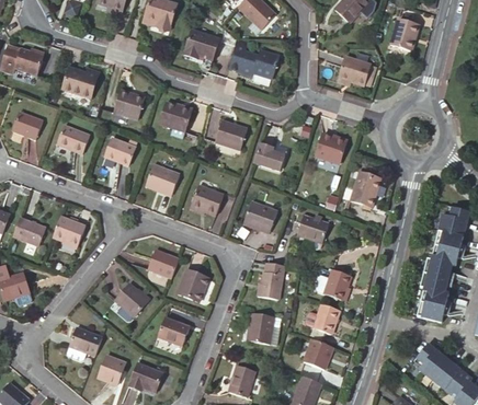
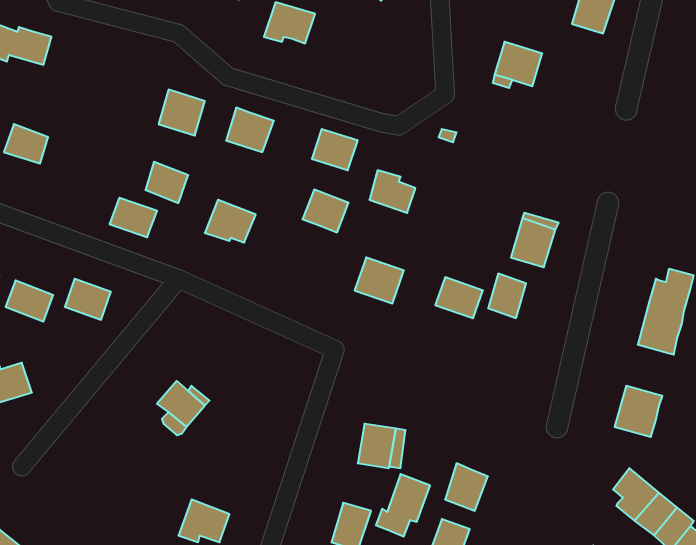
building: [240,53,280,79] -> none
building: [64,67,101,99] -> none
building: [57,126,89,152] -> [109,198,157,237]
building: [317,134,348,162] -> none
building: [192,186,223,215] -> [302,190,349,232]
building: [148,248,179,276] -> none
building: [422,258,454,292] -> none
building: [259,263,286,298] -> none
building: [179,268,208,300] -> none
building: [327,269,352,299] -> [488,274,526,318]
building: [305,301,341,343] -> [376,474,430,537]
building: [159,316,190,345] -> none
building: [67,326,102,359] -> none
building: [99,356,125,384] -> none

